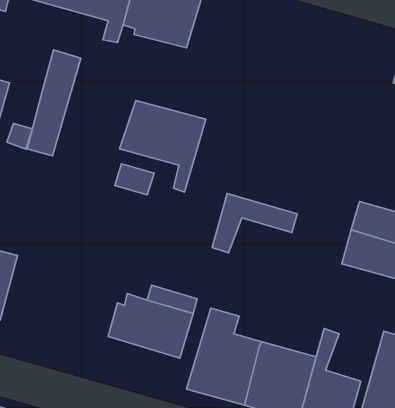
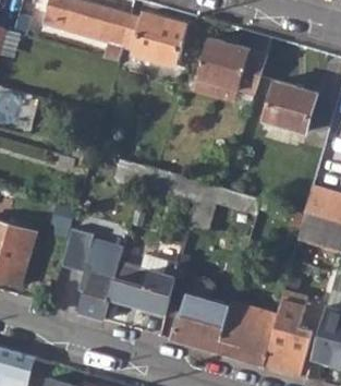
building: [27,50,81,156] -> none
building: none -> [263,80,315,130]
building: [120,100,206,192] -> [194,38,264,112]
building: none -> [59,227,122,321]

